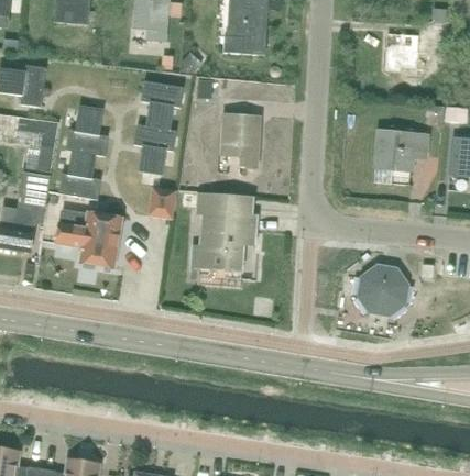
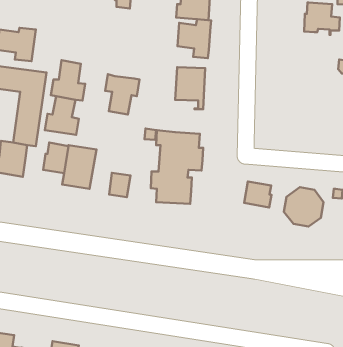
building: none -> [177,19,211,58]
building: [140,80,183,129] -> none
building: [374,131,425,170] -> none
building: [149,187,175,218] -> [109,173,130,197]
building: none -> [244,182,272,207]

